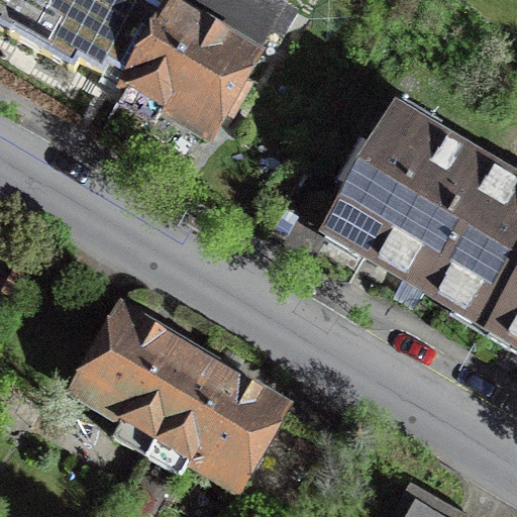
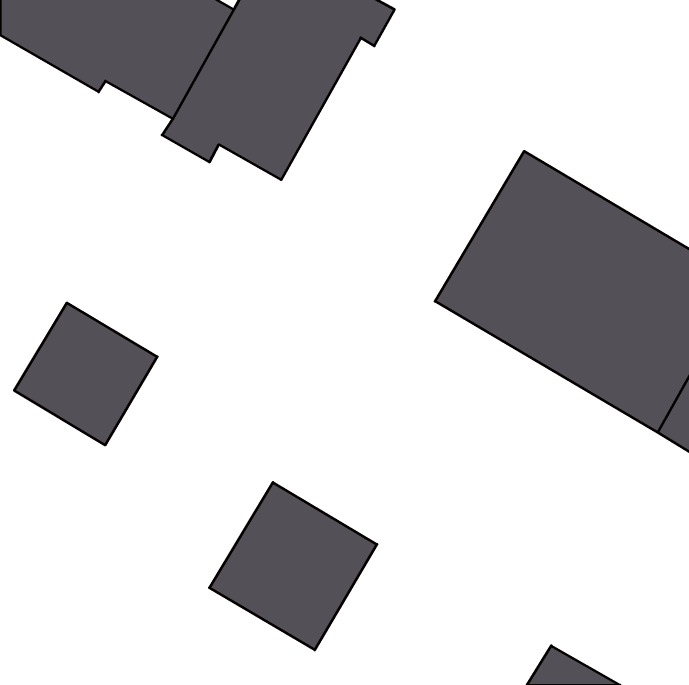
building: none -> [14,303,157,445]
building: [80,313,205,439] -> none

